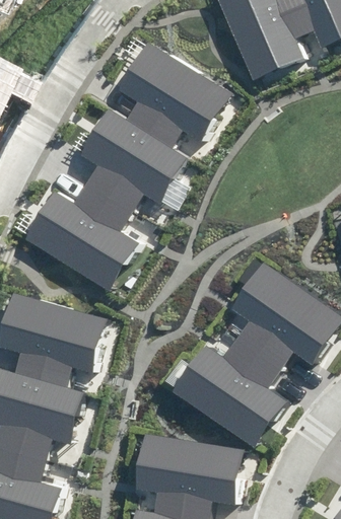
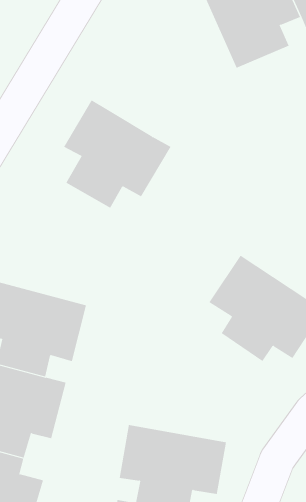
building: [122,43,228,146] -> none
building: [23,192,139,290] -> none
building: [173,340,287,442] -> none

